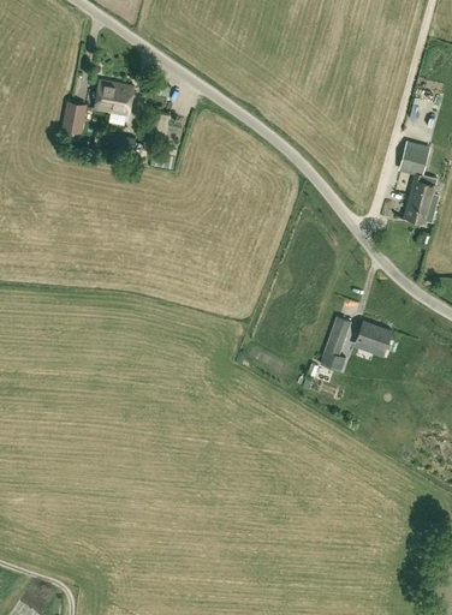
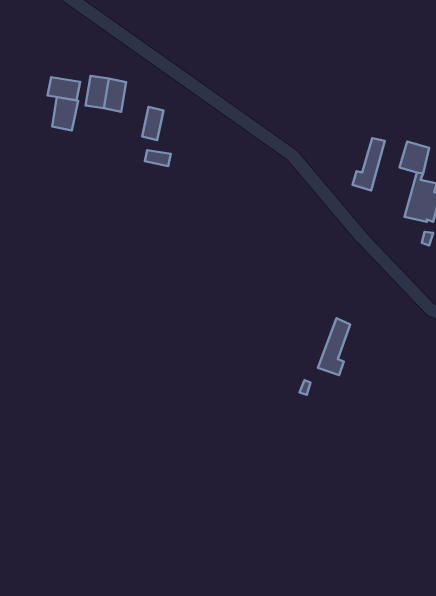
building: none -> [47,77,80,100]
building: none -> [352,138,385,190]
building: [356,322,392,352] -> none

